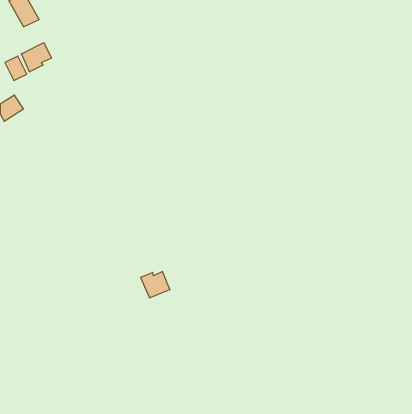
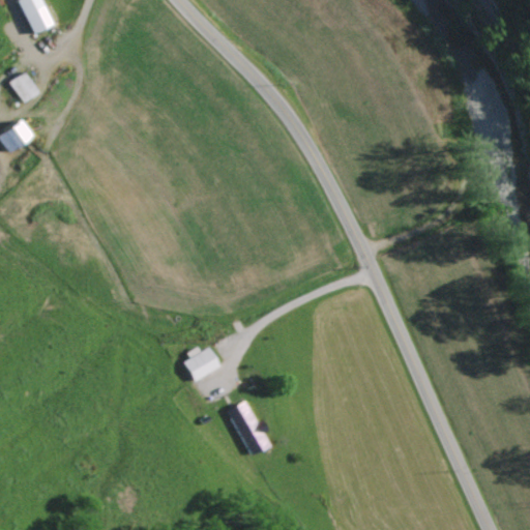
building: [21,43,51,72] -> none
building: none -> [226,401,269,454]

